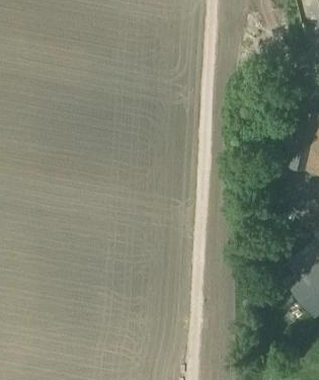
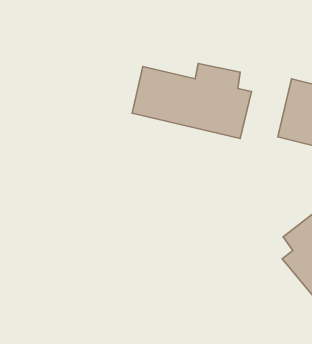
building: none -> [132,63,252,139]

